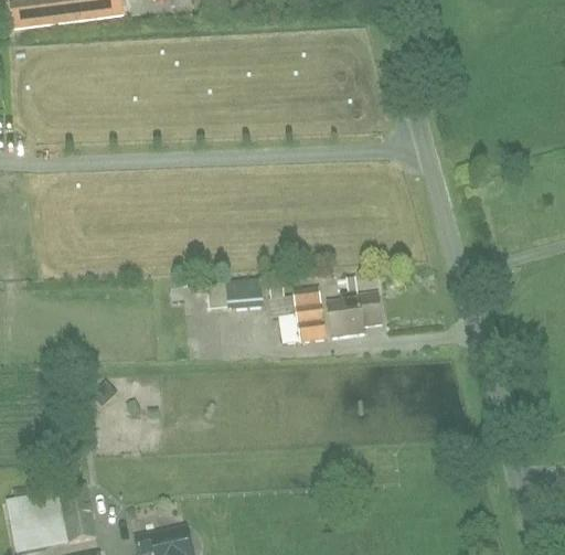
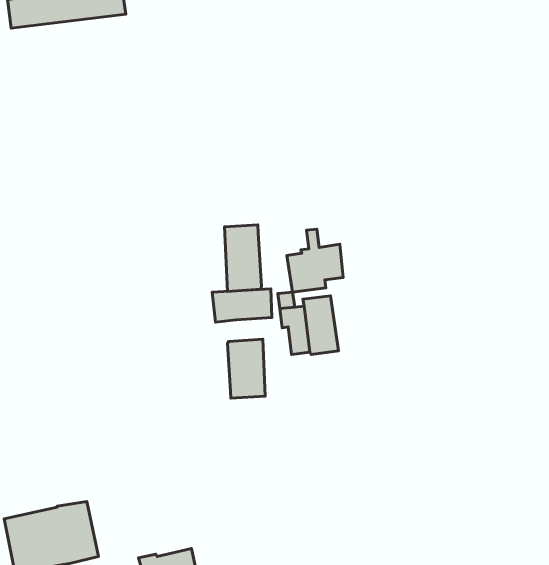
building: none -> [225,225,261,291]
building: [329,276,383,337] -> [287,229,343,292]
building: none -> [228,339,265,398]

